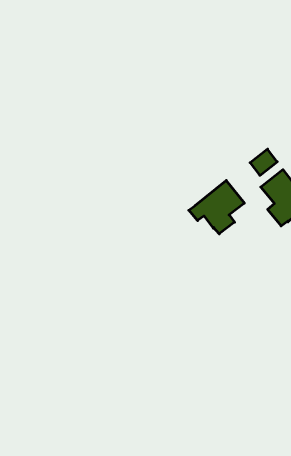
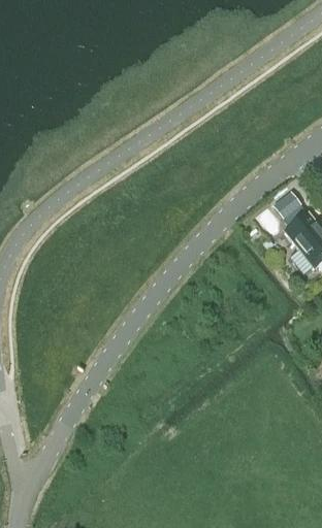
building: [189,180,244,234] -> none

